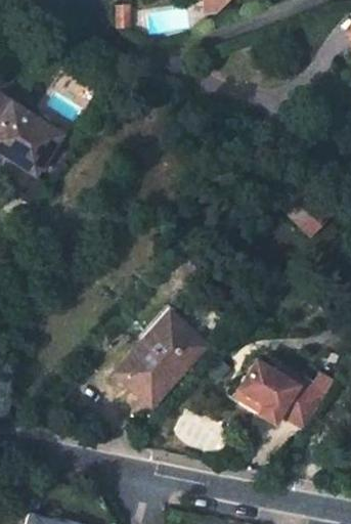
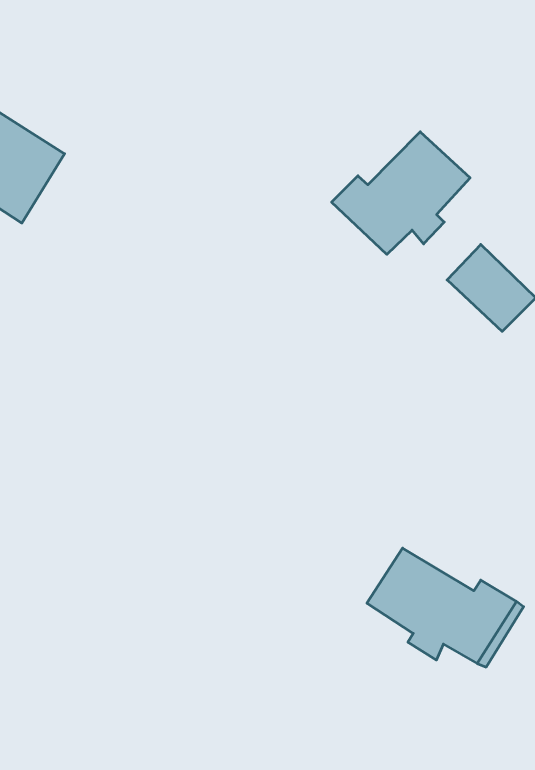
building: none -> [332,132,470,254]
building: [116,313,204,403] -> none

